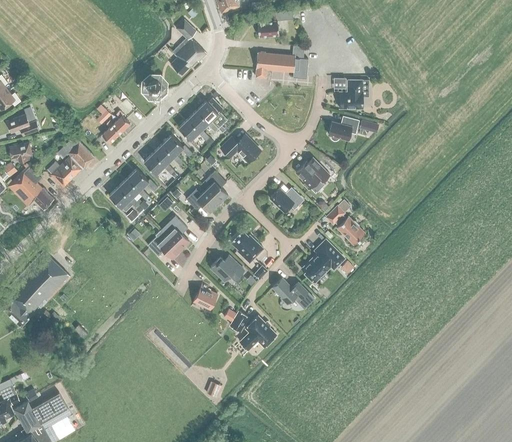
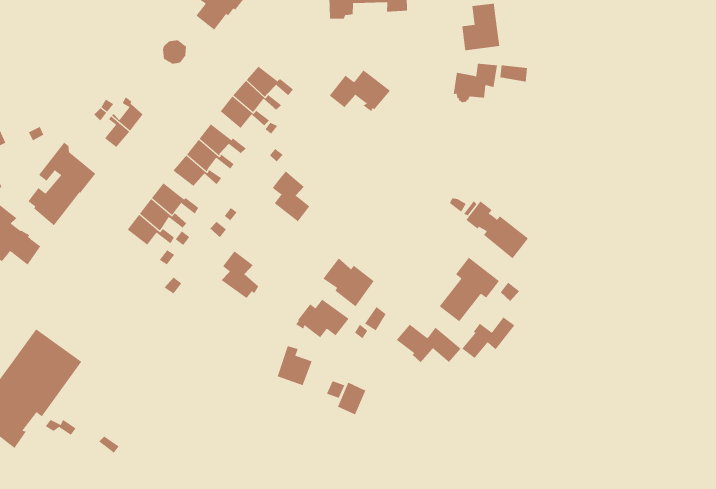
building: [220,134,260,162] -> [329,69,391,112]
building: [295,157,329,193] -> none
building: [269,187,304,212] -> none
building: [185,189,219,213] -> none
building: [147,230,180,259] -> none
building: none -> [461,316,515,359]
building: [243,315,276,347] -> none

